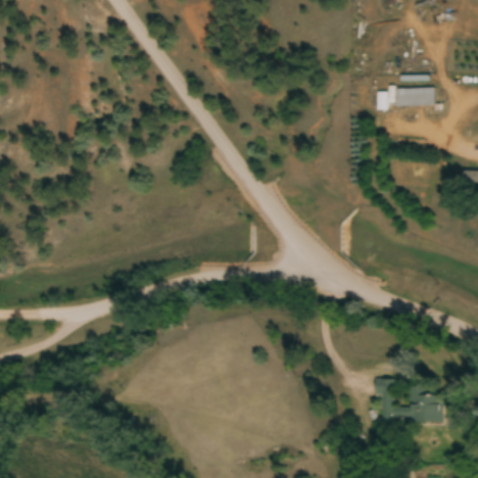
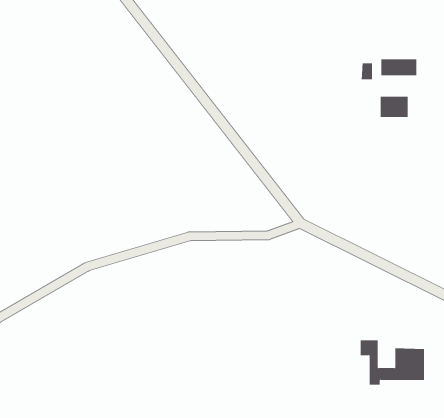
building: none -> [380,96,408,118]

